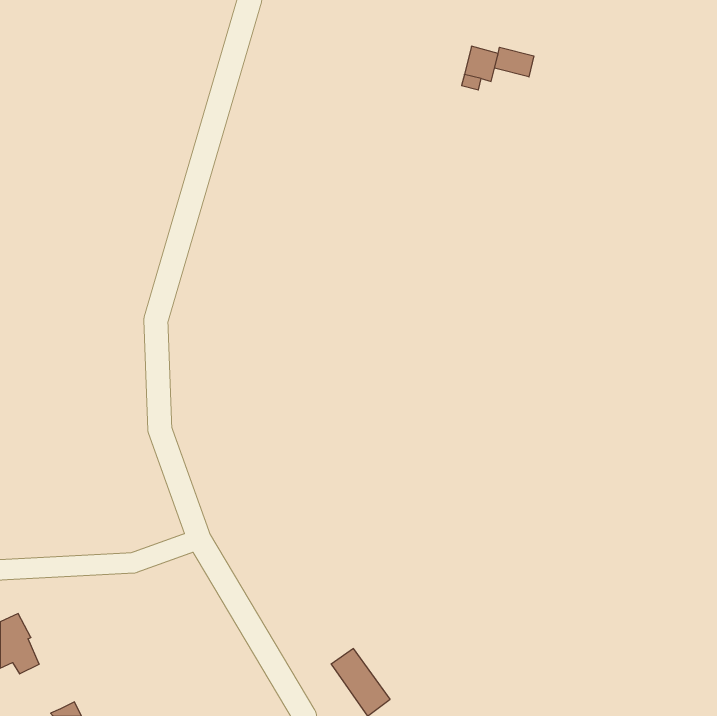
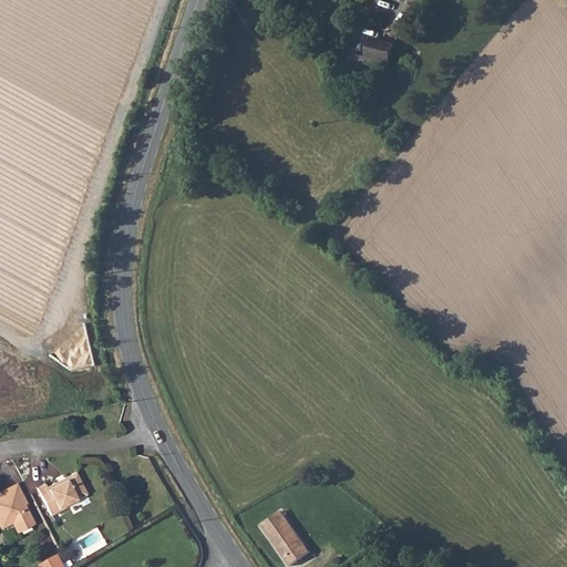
building: [495,47,534,77] -> none
building: none -> [34,472,84,515]

